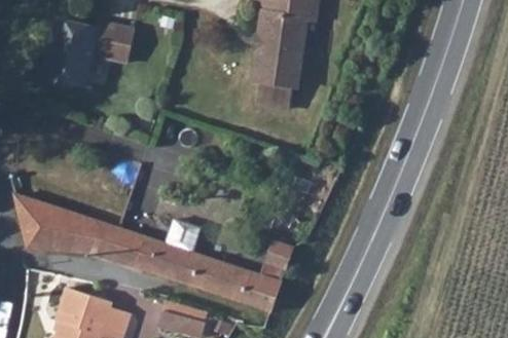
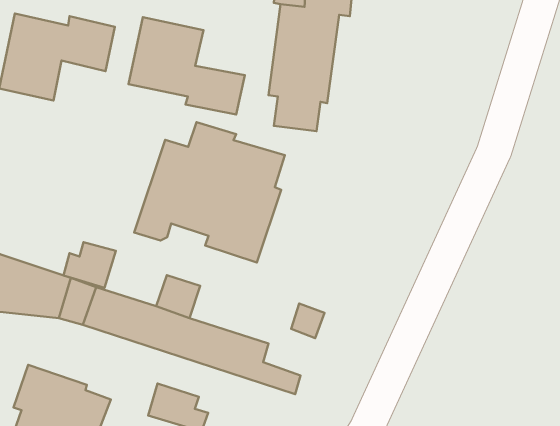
building: none -> [128,17,245,115]
building: none -> [134,122,285,263]
building: none -> [64,242,116,288]

